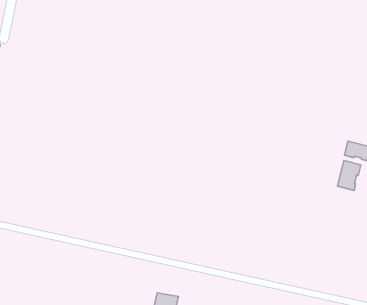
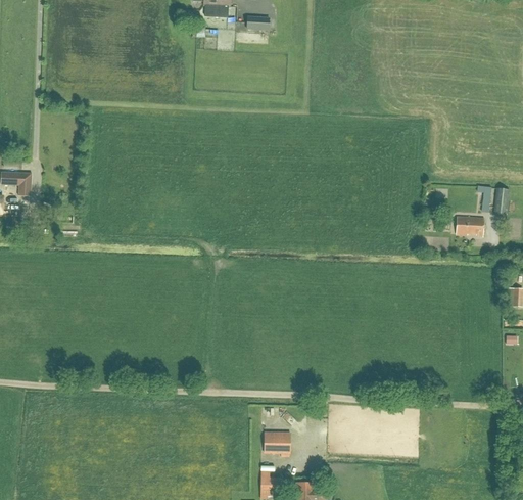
building: [337,160,361,191] -> none

